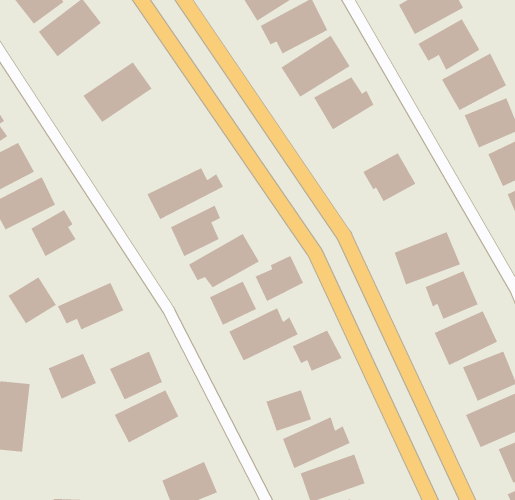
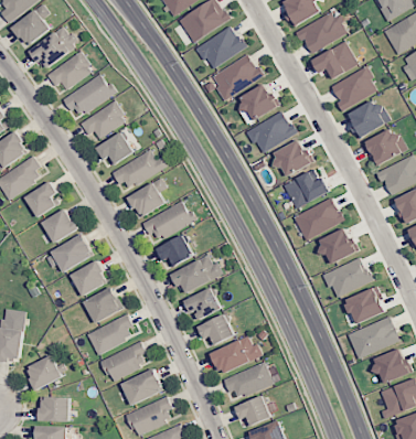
building: none -> [45,52,93,90]
building: none -> [82,101,126,140]
building: none -> [245,111,295,150]
building: none -> [96,132,134,164]
building: none -> [284,170,330,207]
building: [255,255,304,302] -> none
building: [8,276,57,324] -> [41,208,77,244]
building: [292,330,343,371] -> [183,288,221,319]
building: [48,353,97,400] -> [71,261,107,296]
building: none -> [100,341,146,382]
building: none -> [25,355,62,389]

